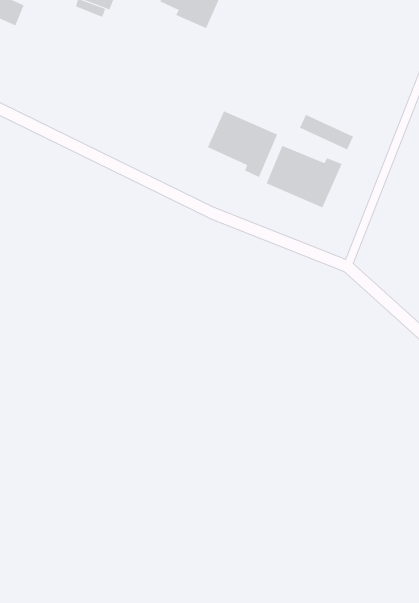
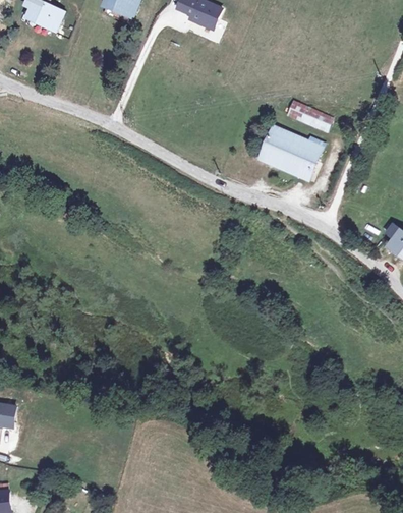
building: [207,111,278,178] -> none

